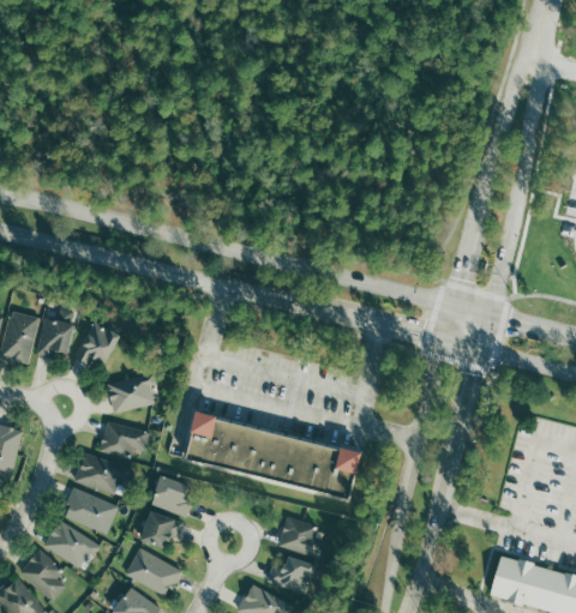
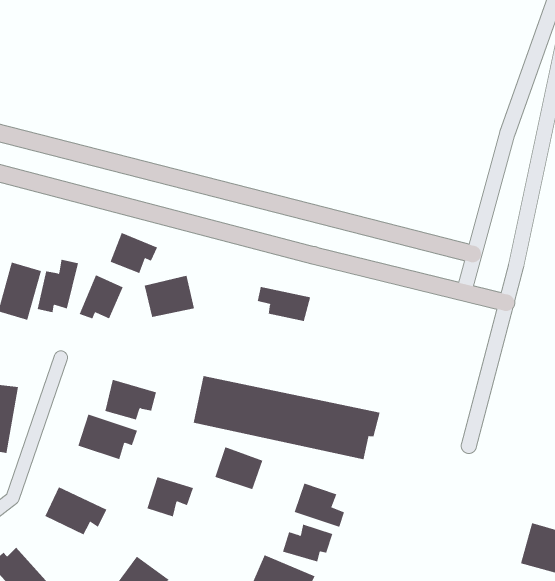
building: none -> [110,232,158,274]
building: none -> [257,286,311,322]
building: [106,373,154,413] -> [144,275,195,317]
building: [150,475,196,516] -> [215,446,263,490]
building: [64,487,119,533] -> none
building: [125,547,180,596] -> none
building: [19,548,66,601] -> none

